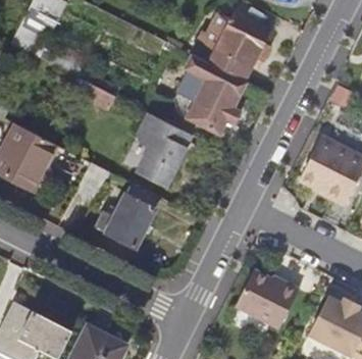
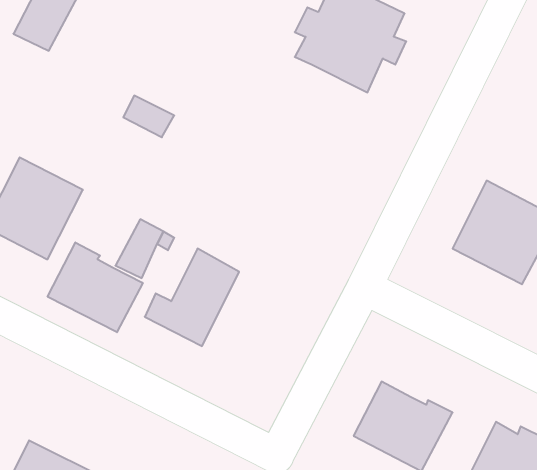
building: [172,53,247,133] -> none
building: [138,111,189,184] -> none
building: none -> [48,242,143,332]

